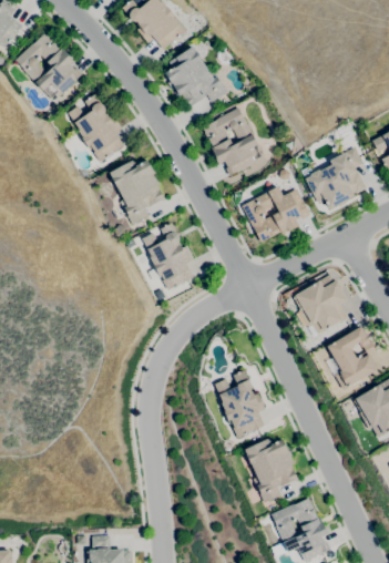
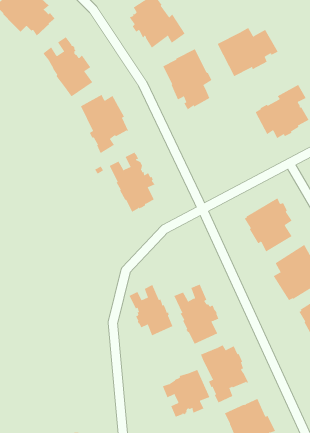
building: [243,186,311,242] -> [217,27,278,77]
building: none -> [129,284,173,336]
building: none -> [162,369,210,417]

